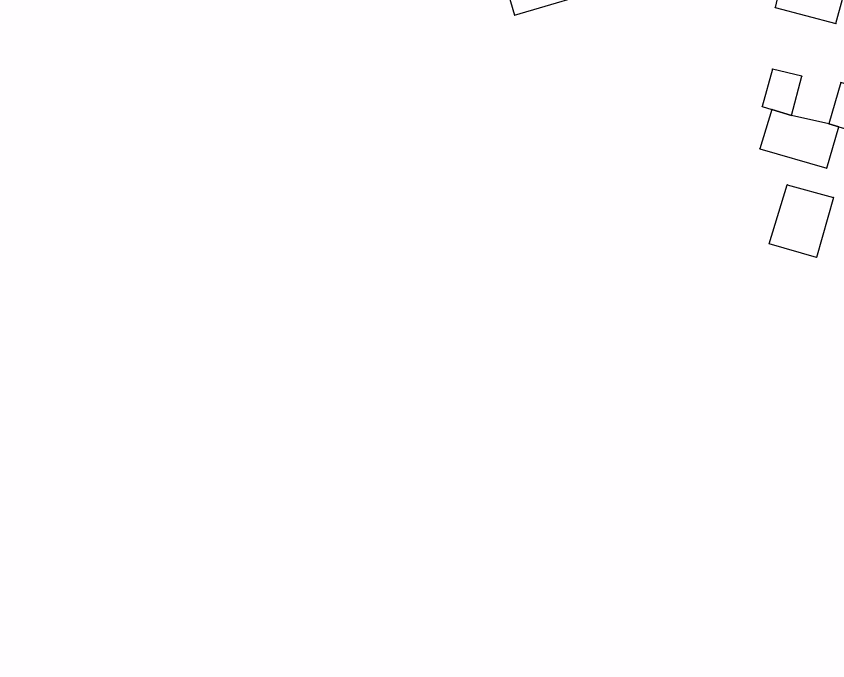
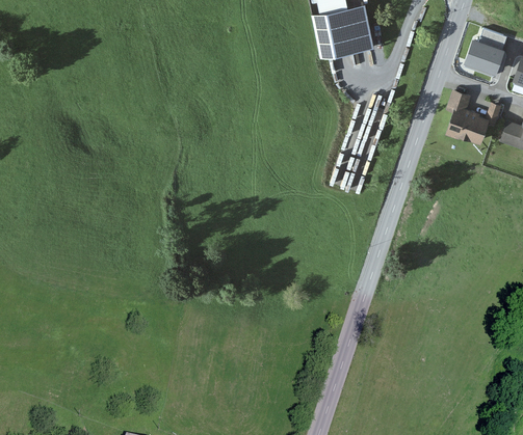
building: [769,185,833,257] -> none

